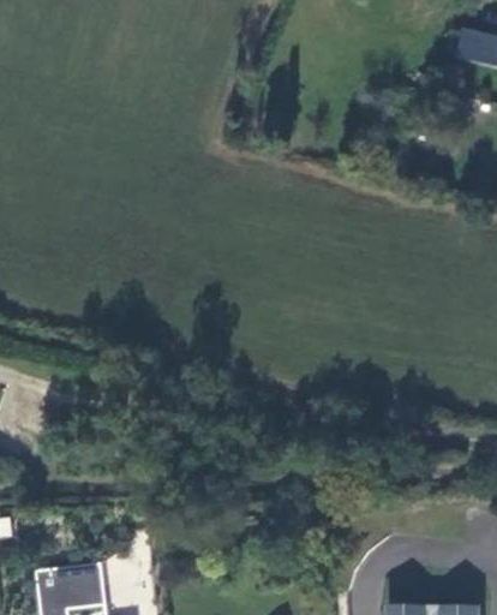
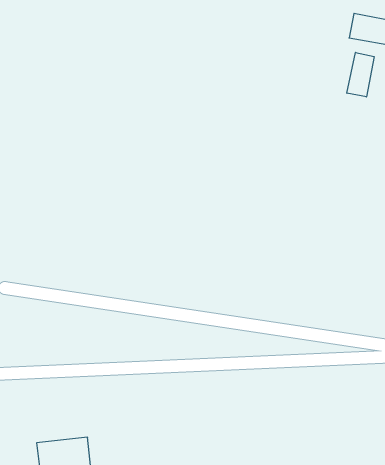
building: none -> [347,52,374,97]

